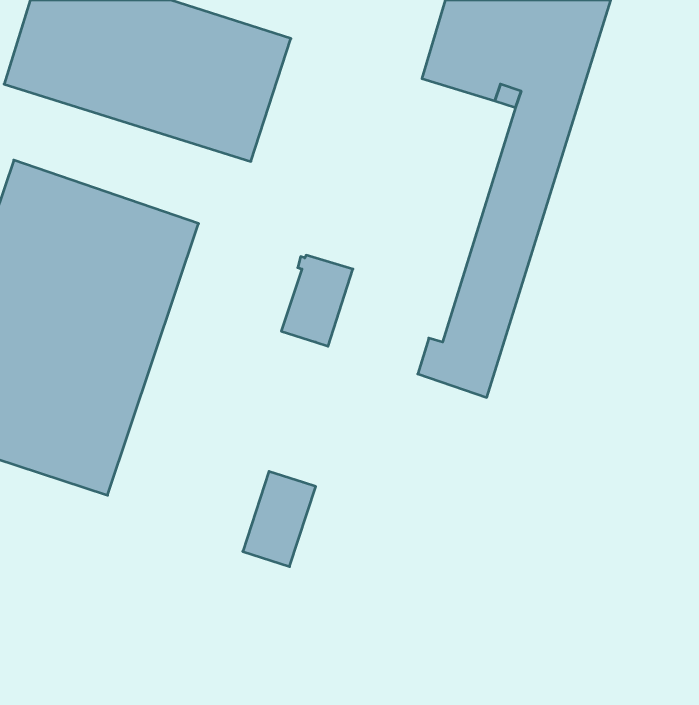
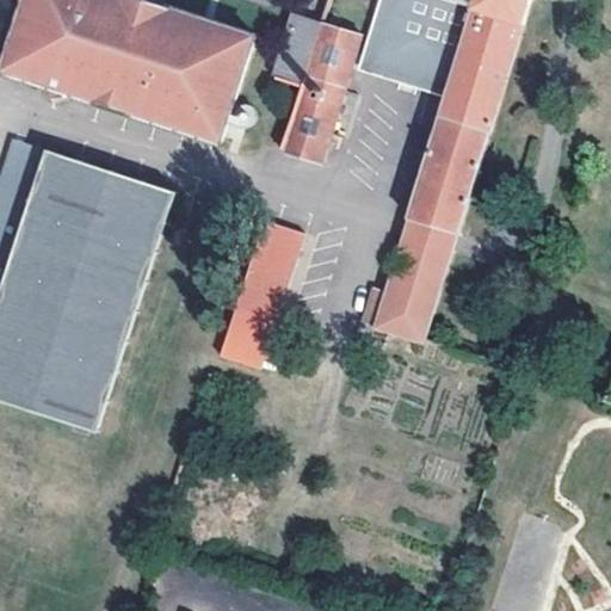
building: none -> [271,14,359,163]
building: [243,471,316,567] -> [221,286,284,369]

